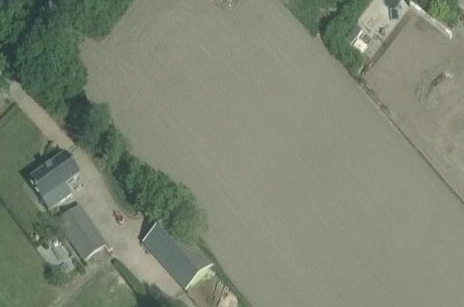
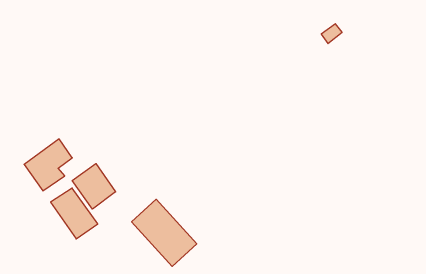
building: none -> [72,164,116,209]

